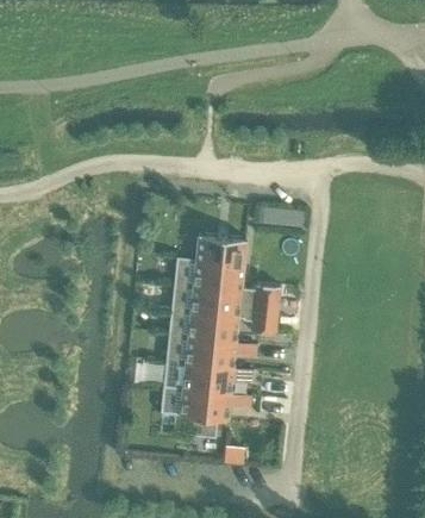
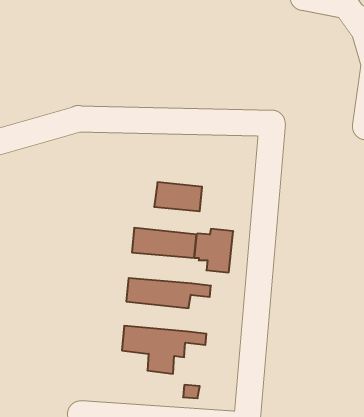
building: [173,258,243,291] -> none
building: [167,310,237,343] -> none
building: [162,362,252,394] -> none

